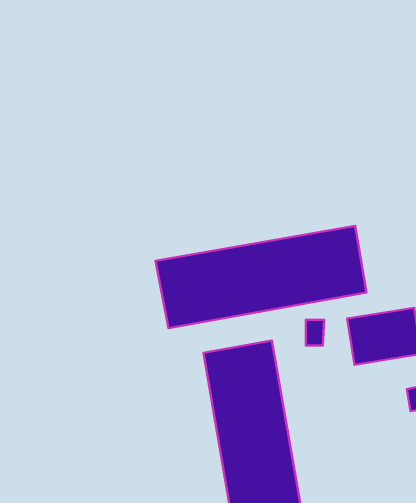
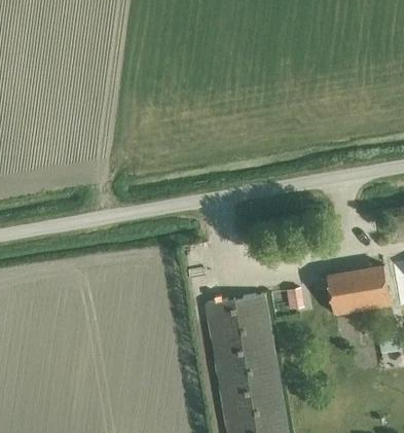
building: [156,226,367,328] -> none

